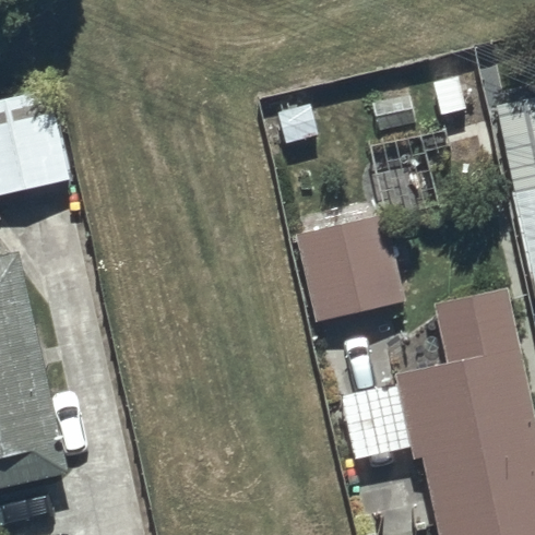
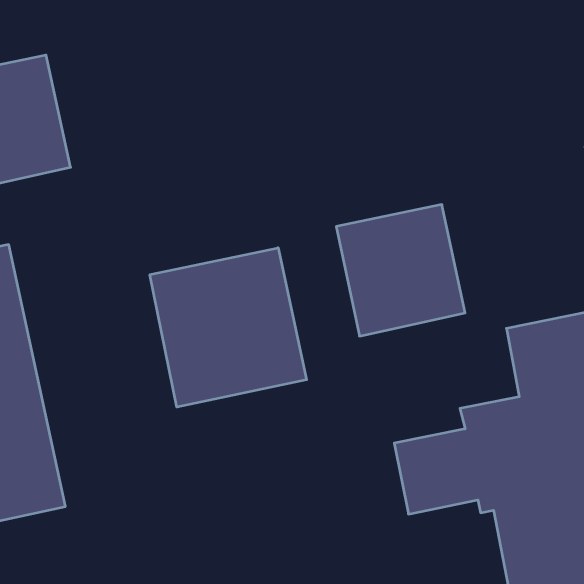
building: none -> [150,248,307,407]

